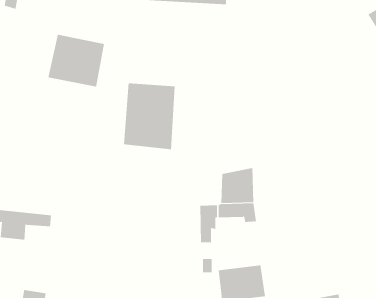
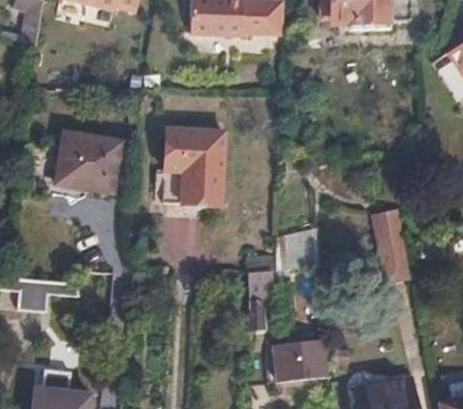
building: [47,34,105,87] -> [53,130,120,192]
building: none -> [371,209,409,283]

